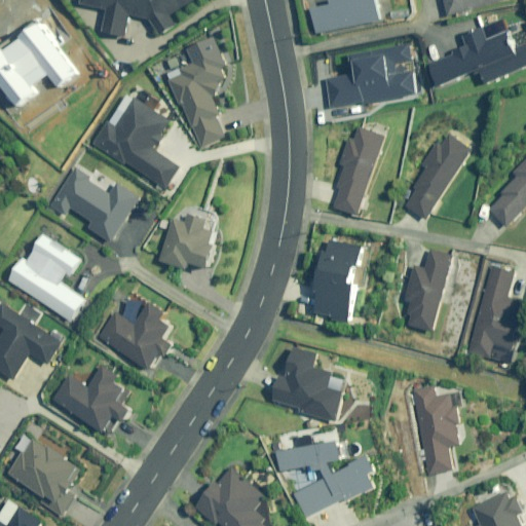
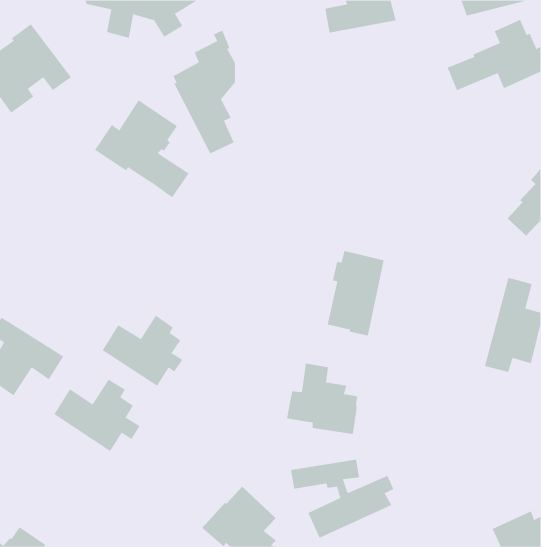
building: [318,46,408,108] -> none
building: [333,128,383,216] -> none
building: [403,134,469,220] -> none
building: [49,171,140,242] -> none
building: [155,213,216,269] -> none
building: [8,234,85,322] -> none
building: [401,250,452,332] -> none
building: [409,385,459,475] -> none
building: [7,434,80,516] -> none

